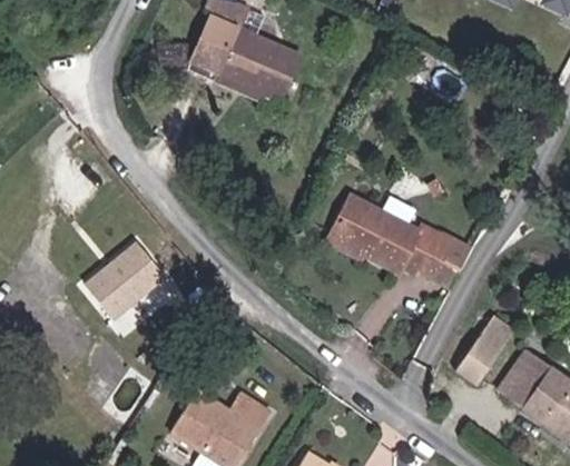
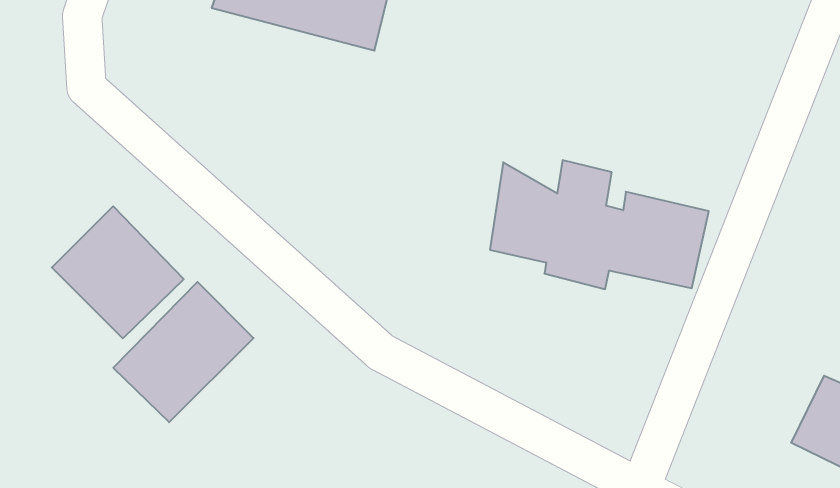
building: none -> [52,206,184,338]
building: [453,316,517,389] -> none

